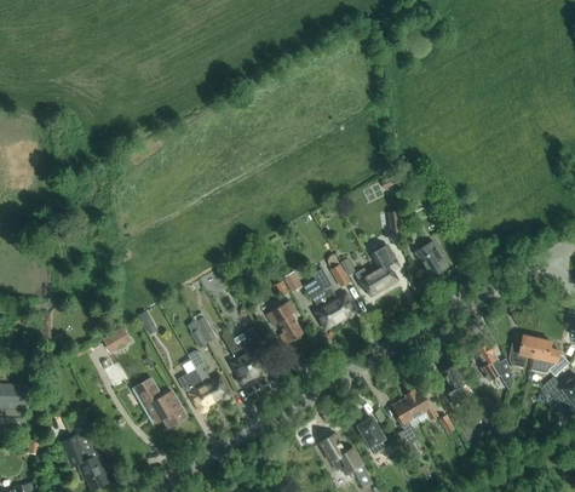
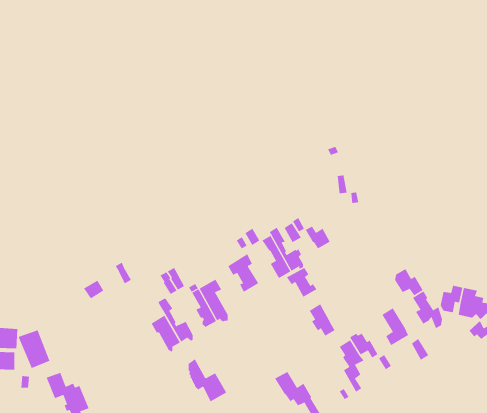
building: [415,240,449,278] -> none
building: [373,246,397,286] -> none
building: none -> [286,267,317,298]
building: none -> [395,268,424,296]
building: [142,378,186,428] -> [188,359,227,402]
building: none -> [18,330,50,369]
building: [358,417,389,454] -> [309,304,336,336]

